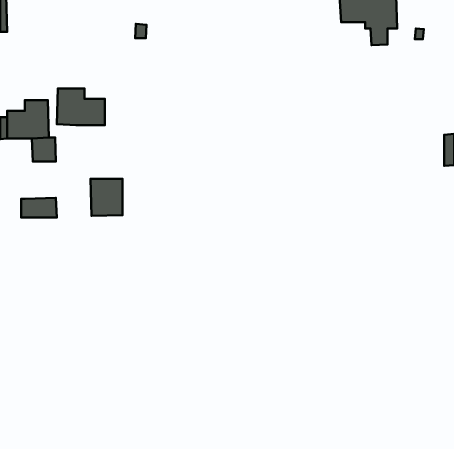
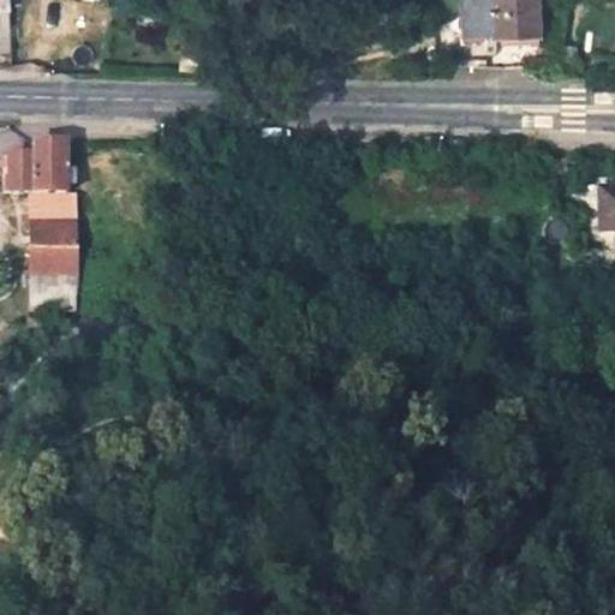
building: [57,89,105,125] -> none
building: [91,179,123,216] -> [32,219,76,269]

